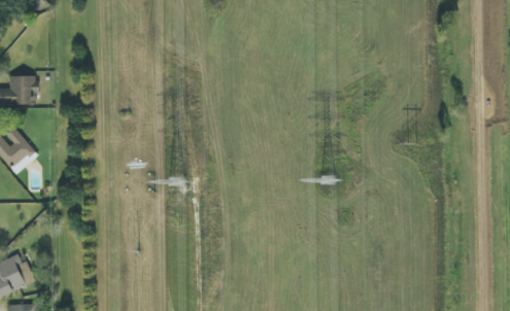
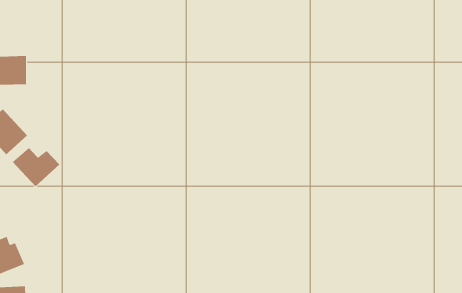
building: none -> [12,147,60,187]

